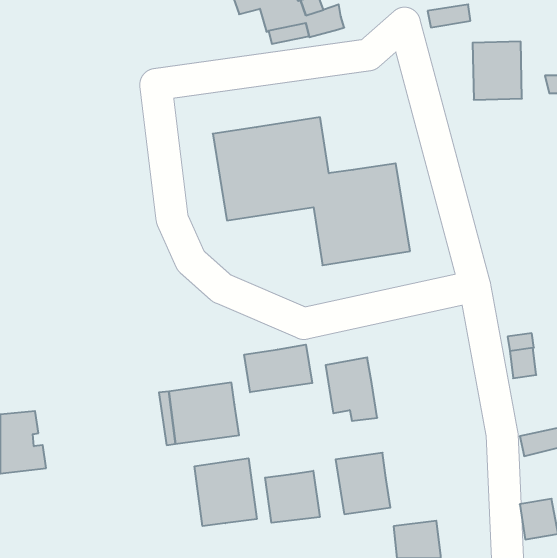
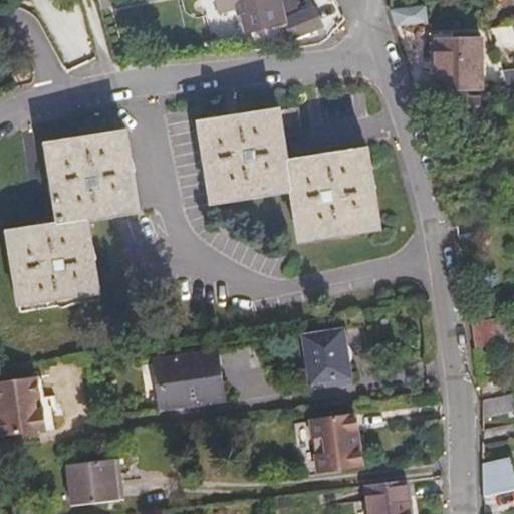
building: none -> [9,133,137,309]
building: [244,345,312,392] -> none
building: [195,458,257,526] -> none
building: [265,471,320,523] -> none
building: none -> [66,462,120,504]

